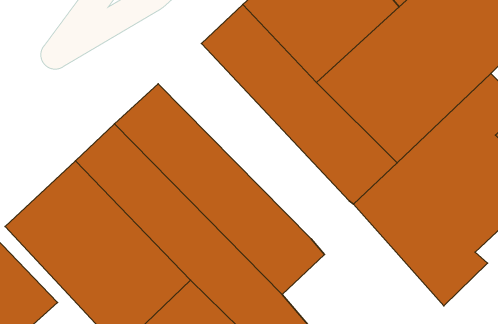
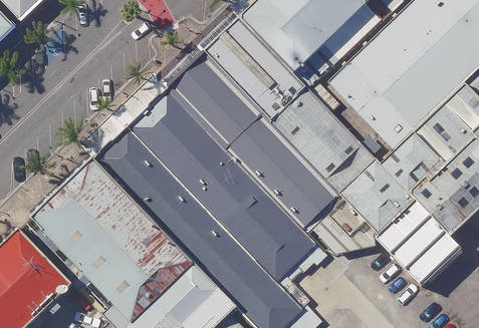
building: none -> [167,56,338,232]

